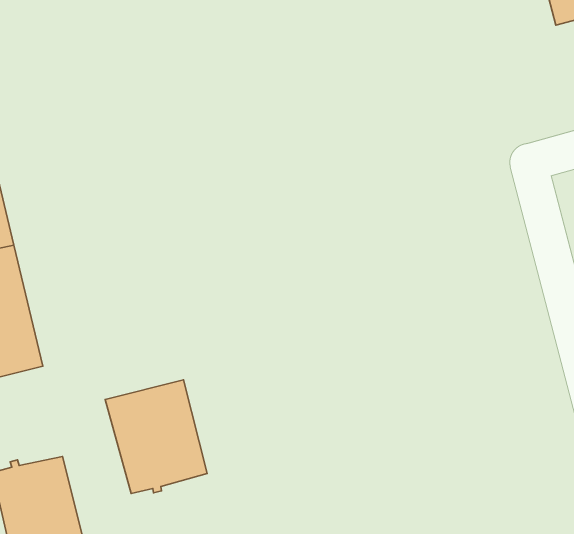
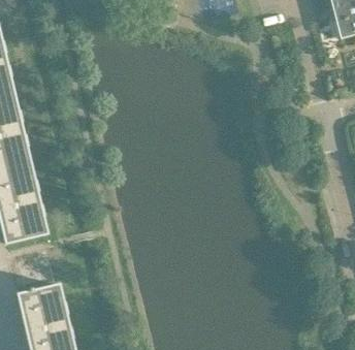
building: [105,380,207,494] -> none

